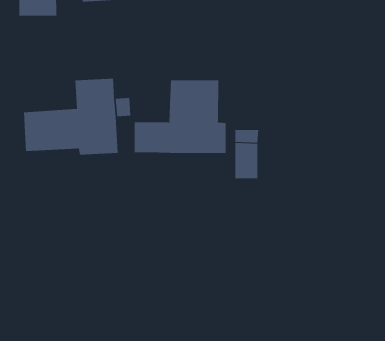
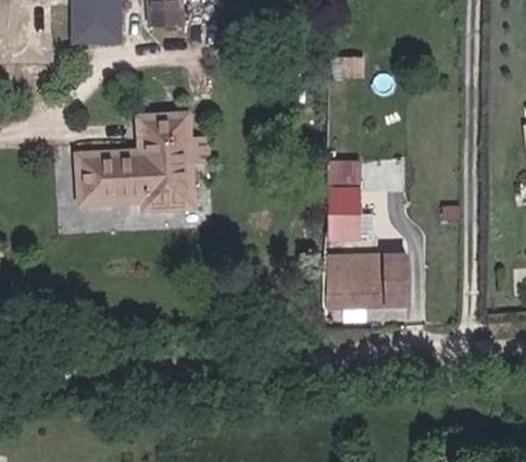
building: [134,79,226,154] -> none
building: none -> [328,257,404,304]

